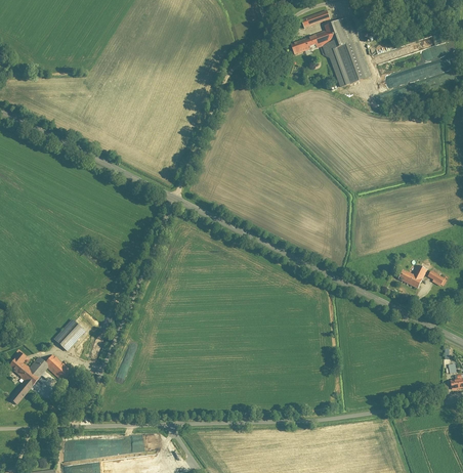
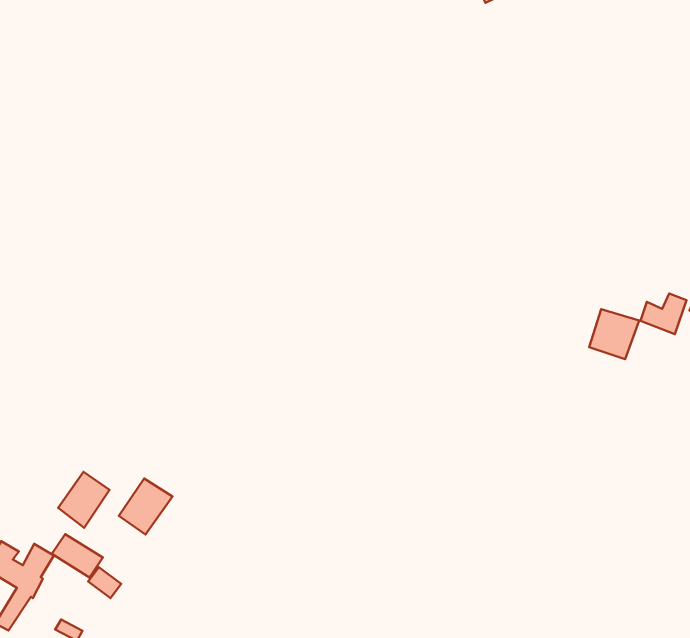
building: none -> [589,309,639,359]
building: none -> [119,479,173,534]

